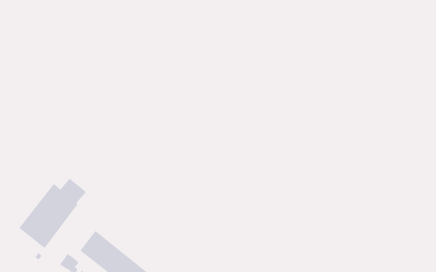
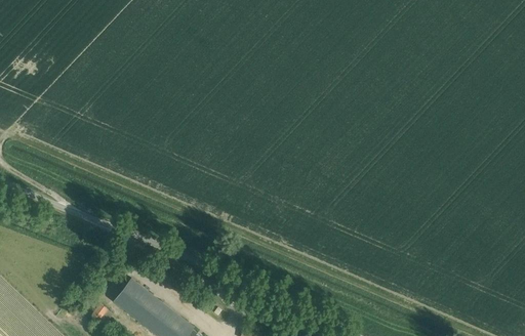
building: [19,178,87,249] -> none

